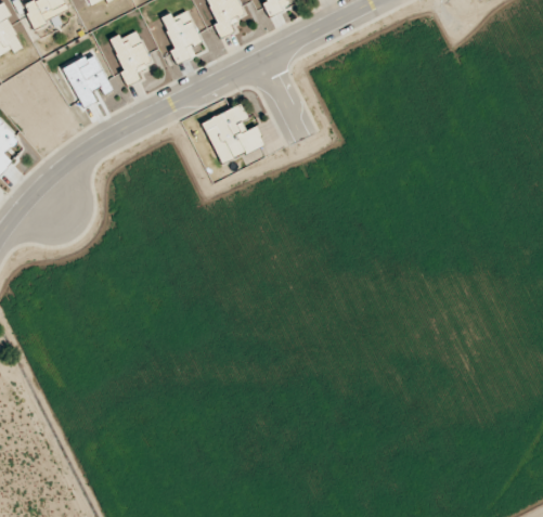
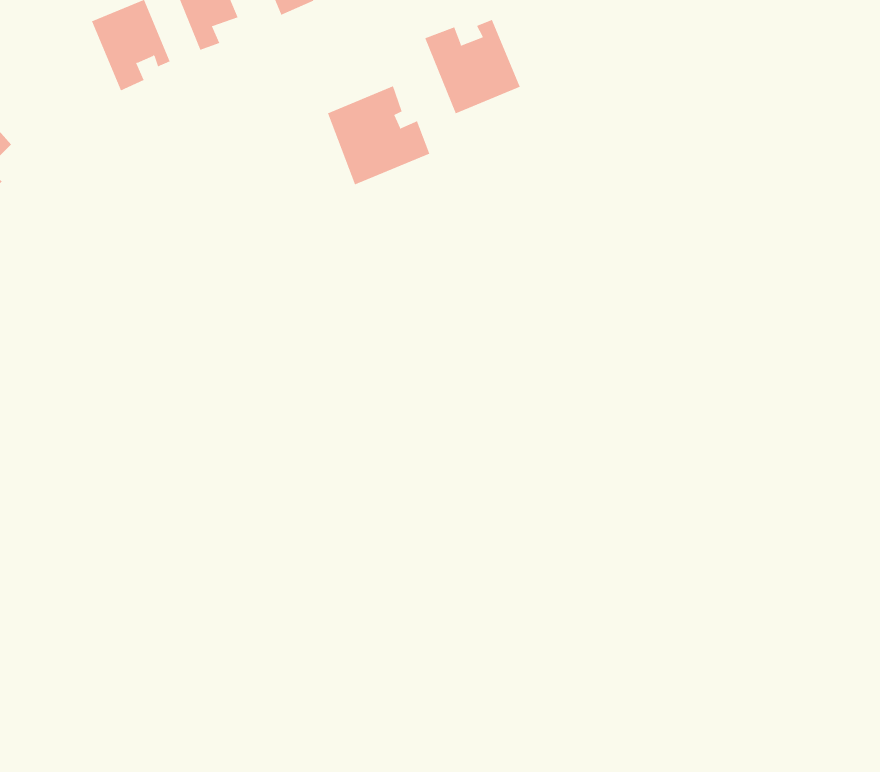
building: none -> [424,19,520,114]

